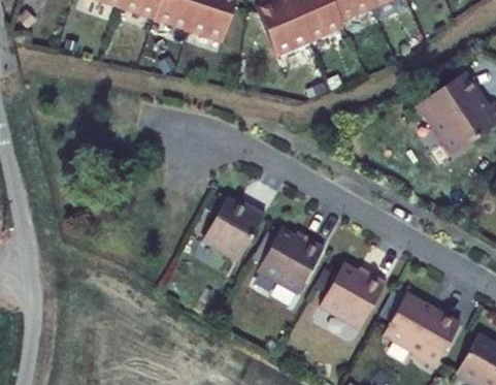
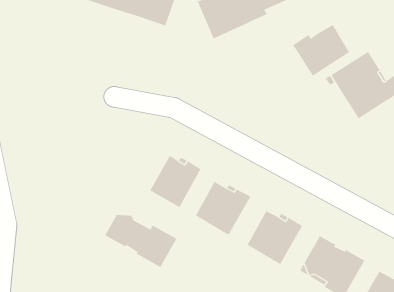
building: none -> [293,24,350,76]
building: none -> [104,214,177,268]

